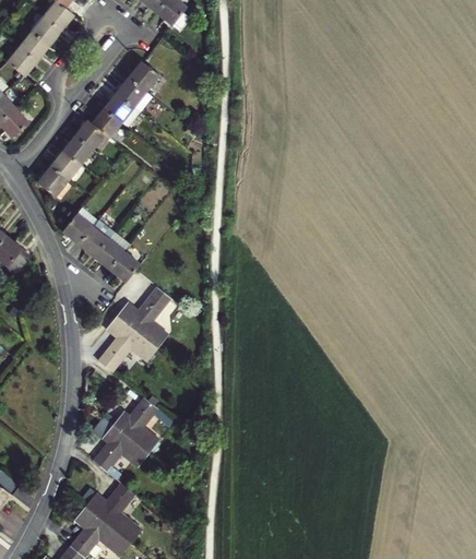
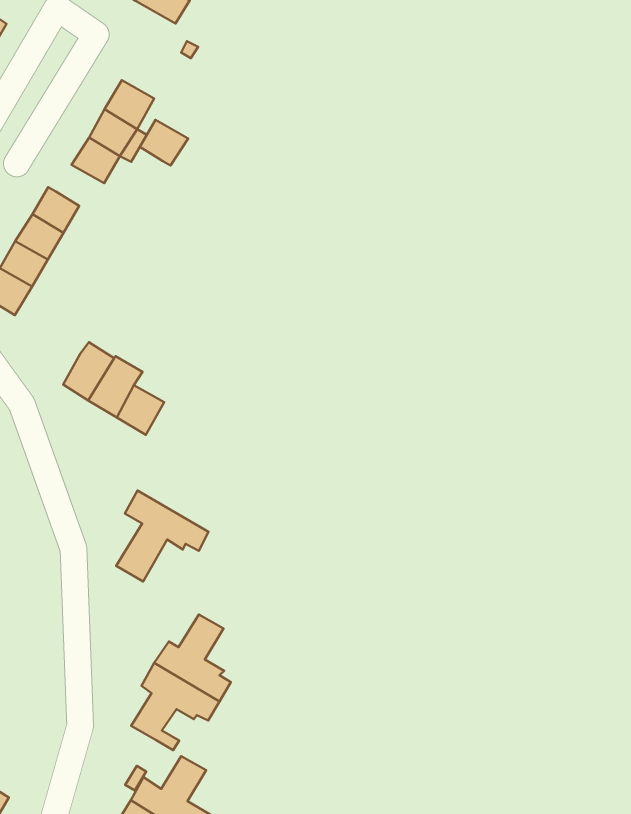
building: [91,108,121,138] -> [140,120,188,166]
building: [61,213,92,243] -> none
building: [116,286,170,347] -> none

